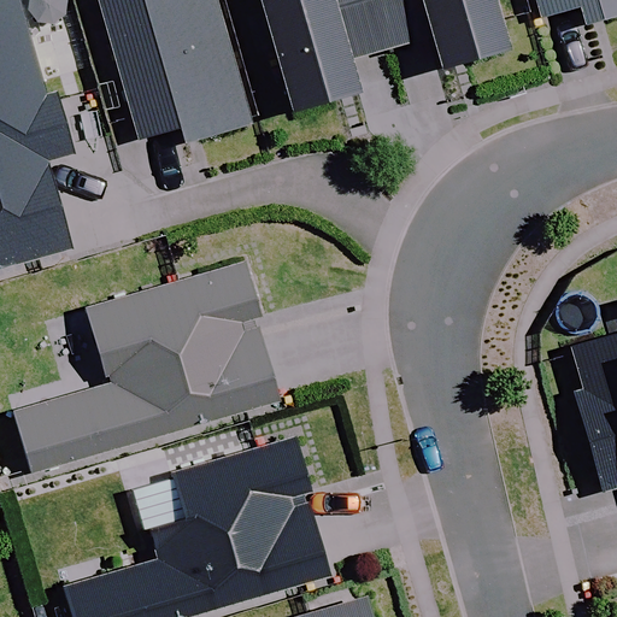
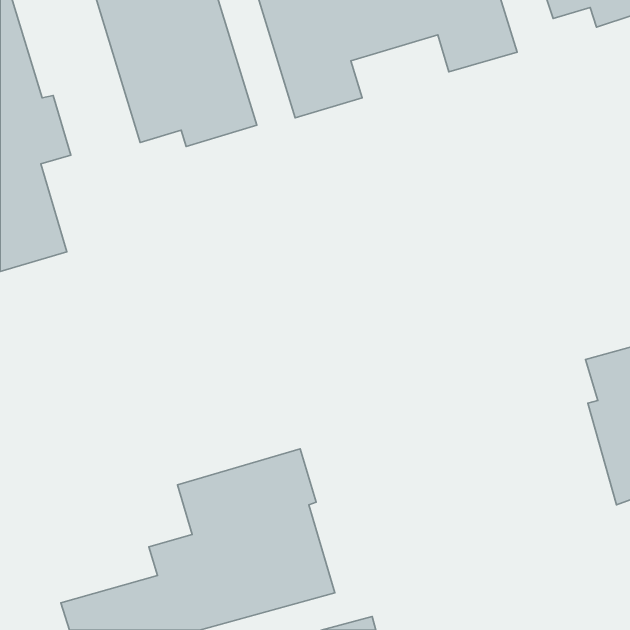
building: [14,262,277,471] -> none

